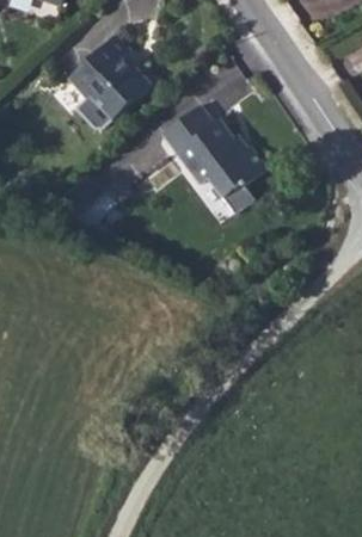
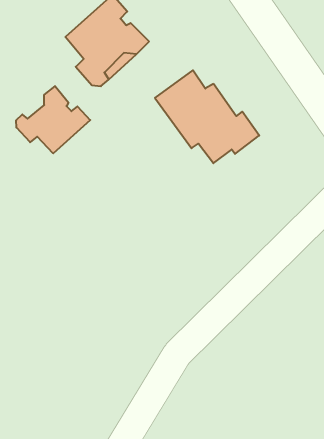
building: none -> [16,86,90,153]

